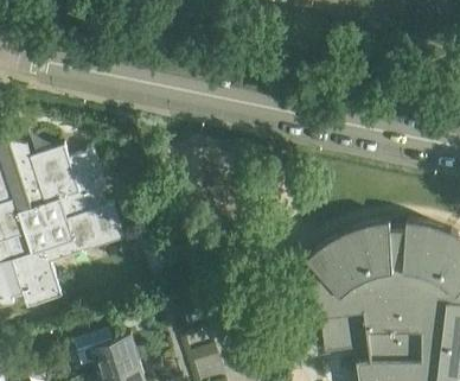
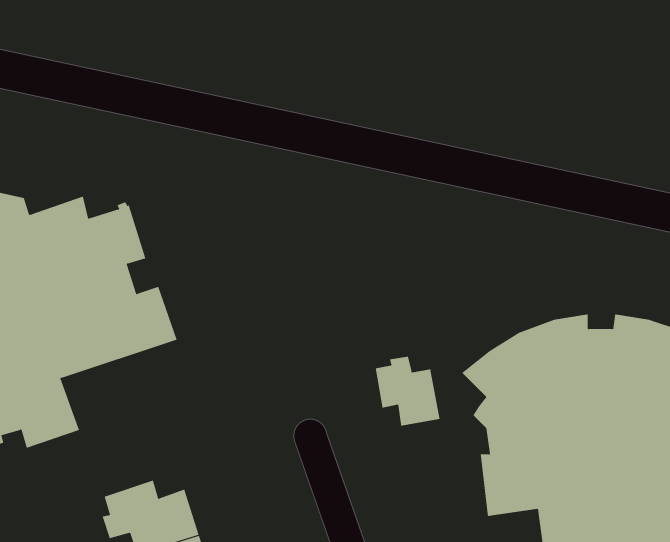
building: none -> [375,356,440,427]

